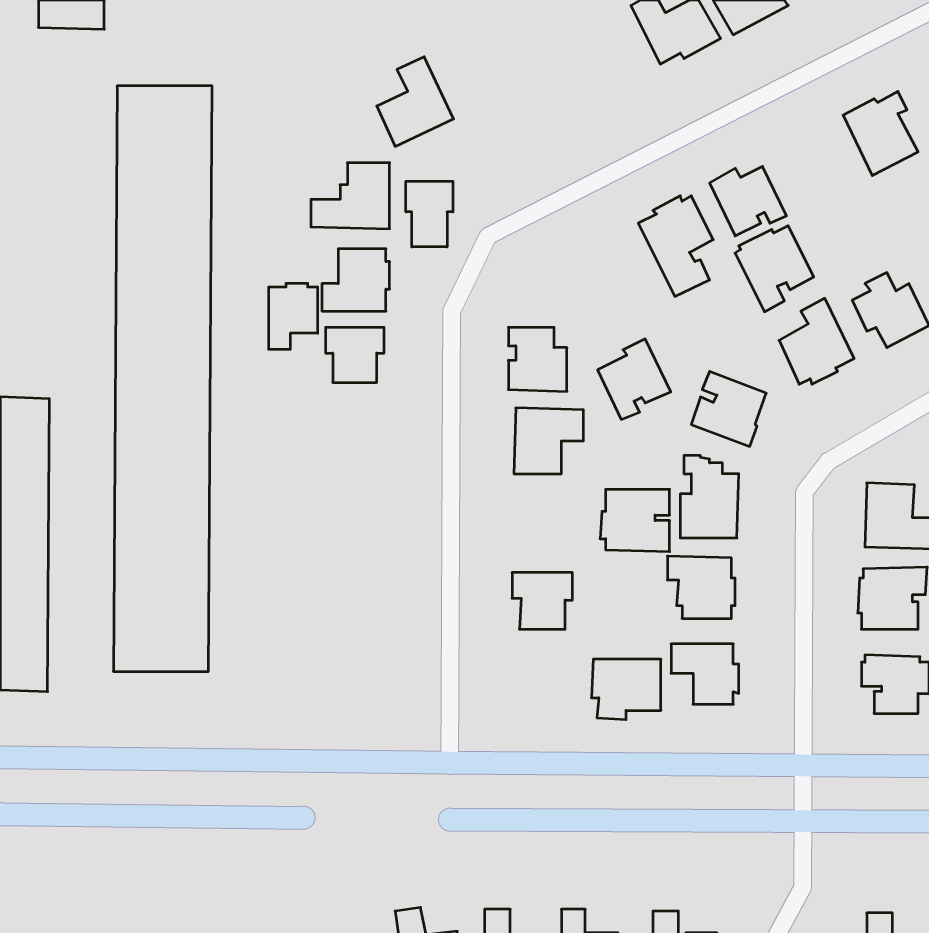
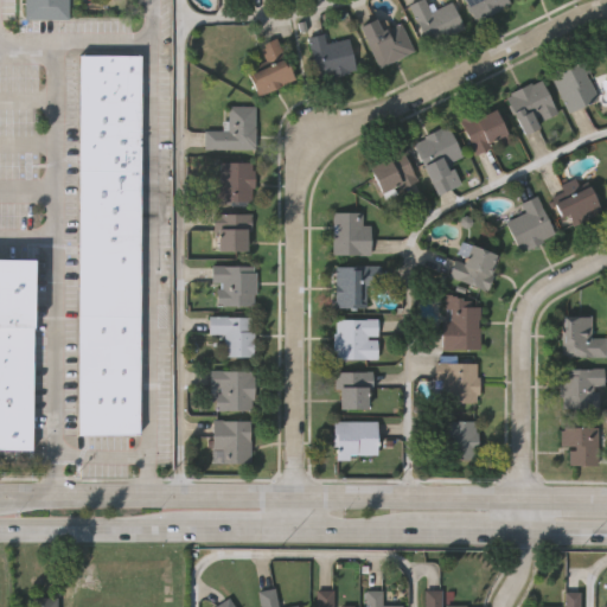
building: none -> [359,14,416,69]
building: none -> [311,33,358,78]
building: [406,181,453,247] -> none
building: [735,226,814,312] -> [506,81,557,136]
building: [269,283,318,349] -> none
building: [598,339,671,419] -> [371,147,418,199]
building: none -> [212,264,257,305]
building: none -> [210,318,255,357]
building: [600,489,670,552] -> [334,320,379,360]
building: none -> [211,370,255,410]
building: none -> [210,420,250,462]
building: [591,659,661,720] -> [334,423,379,462]

